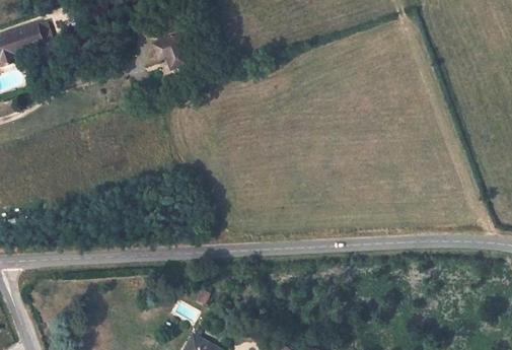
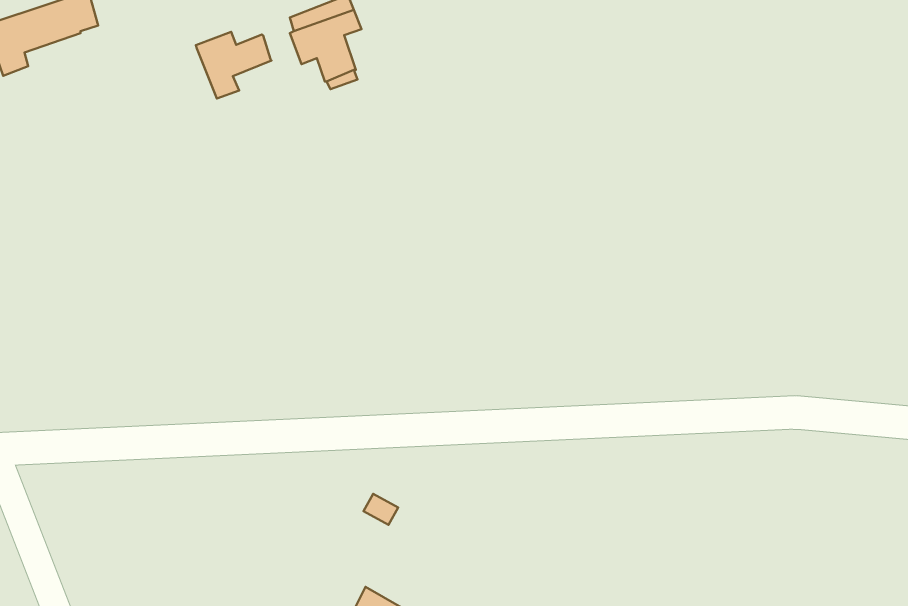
building: none -> [196,32,272,98]

